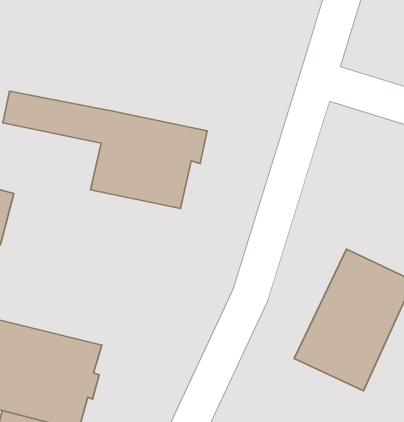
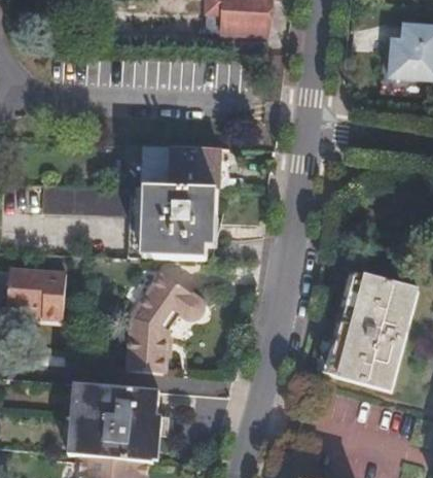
building: none -> [136,144,222,191]
building: none -> [128,270,203,370]

